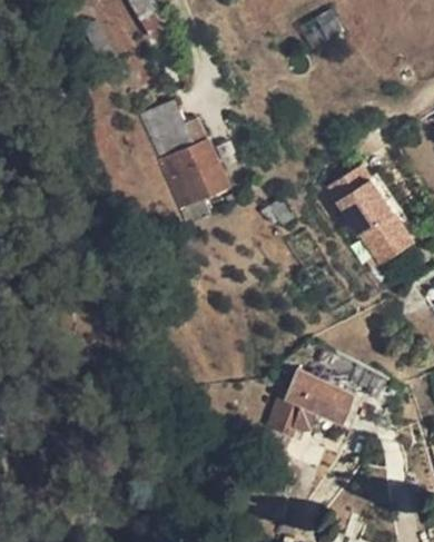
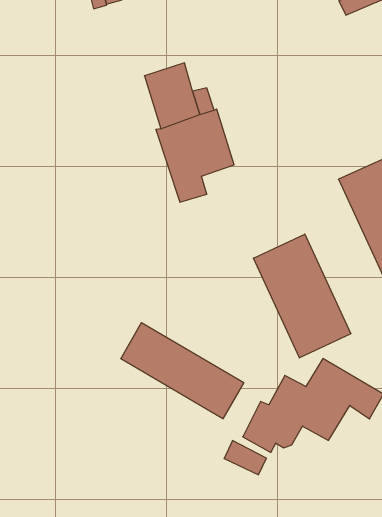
building: none -> [253,234,351,358]
building: none -> [121,323,244,419]

